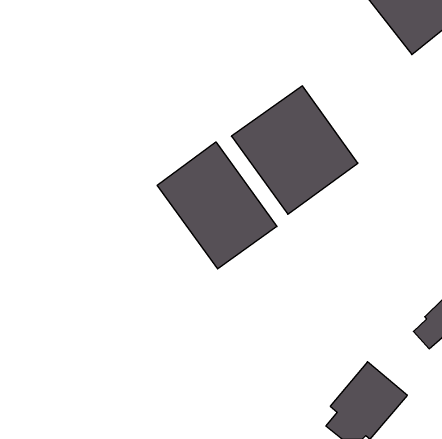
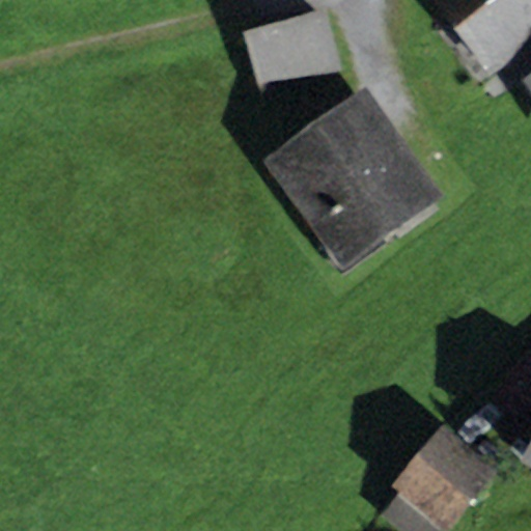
building: none -> [249,12,338,87]
building: [157,142,277,269] -> none

